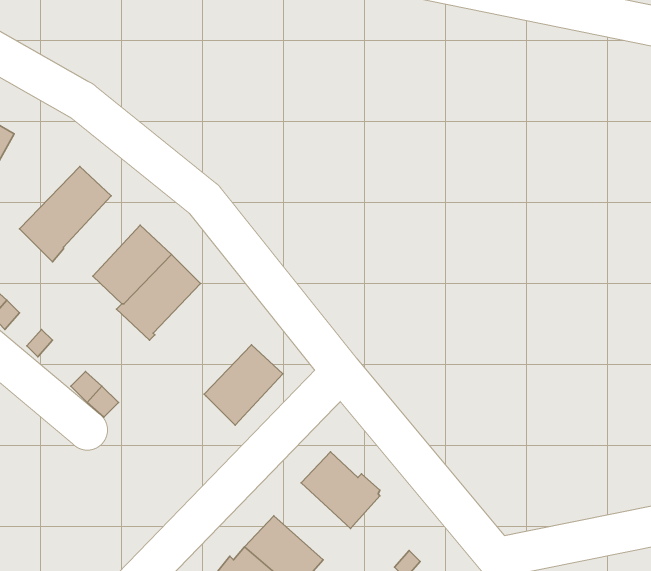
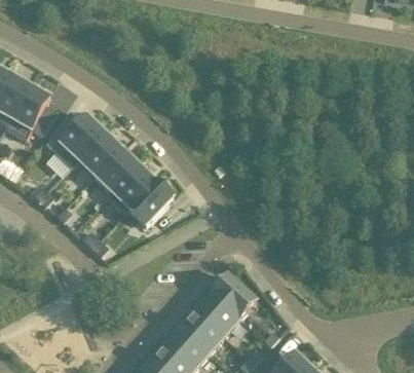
building: none -> [77,130,120,176]
building: [204,345,283,425] -> [127,180,172,225]
building: none -> [195,292,238,335]

